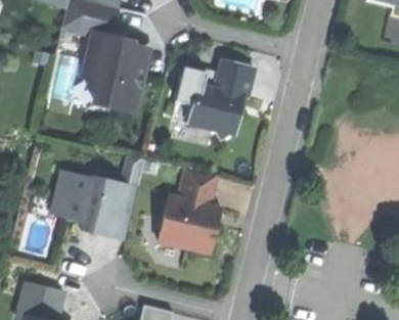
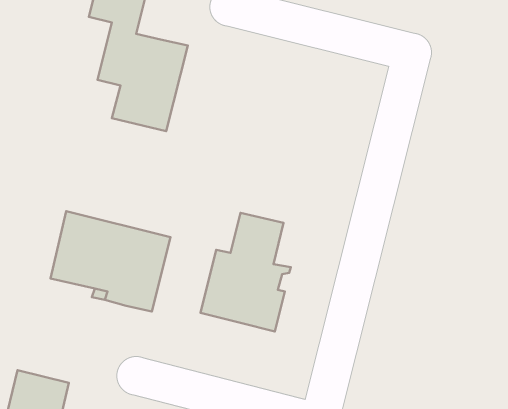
building: [186,58,254,138] -> none

